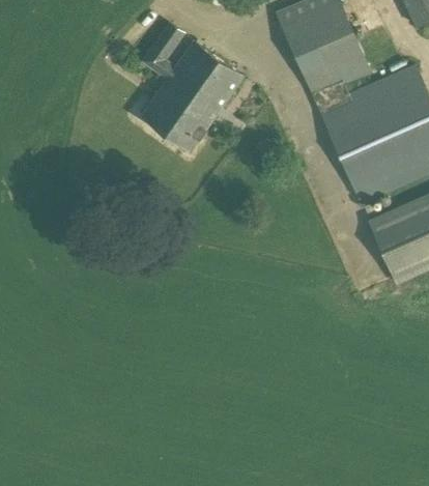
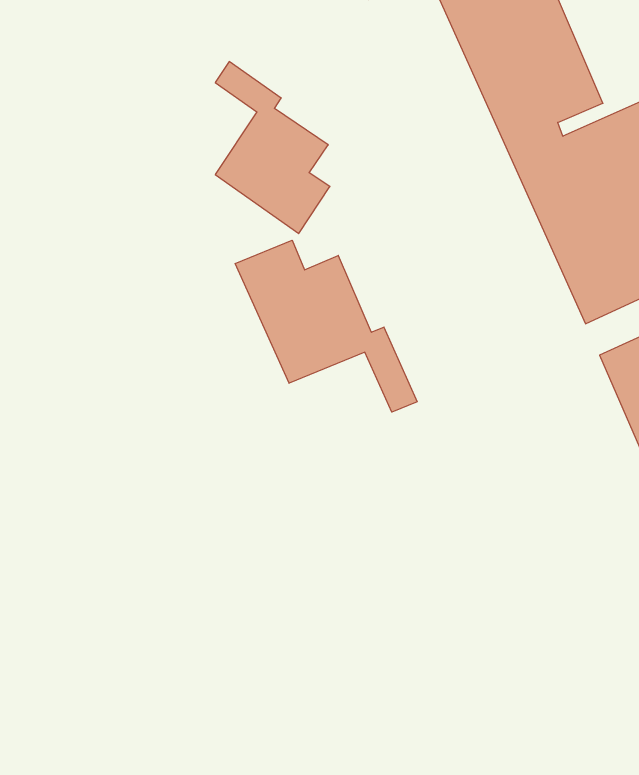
building: [149,20,242,123] -> none
building: none -> [235,240,417,412]

